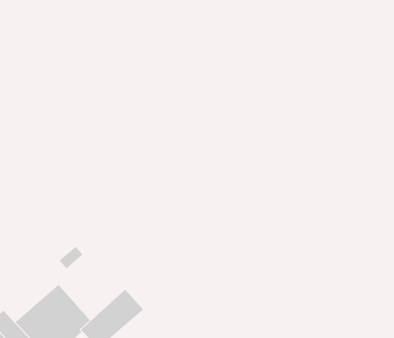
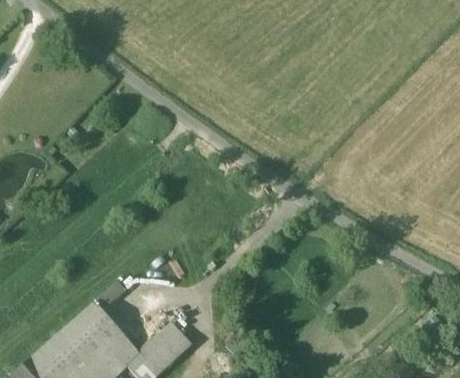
building: none -> [48,305,104,357]

